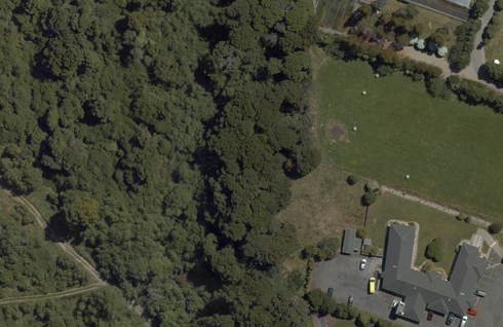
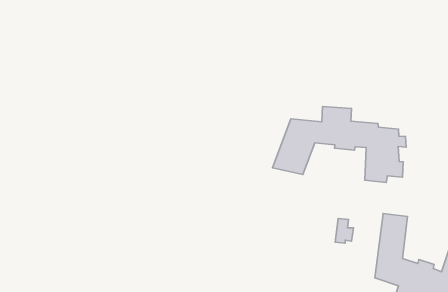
building: none -> [273,106,406,182]

